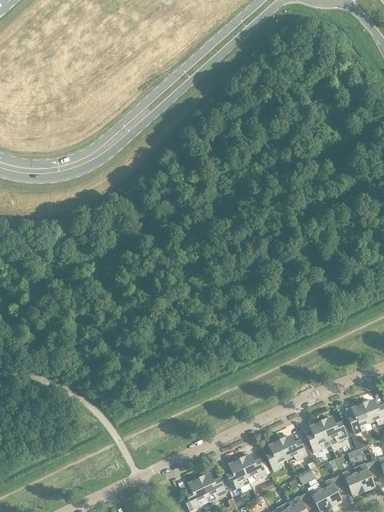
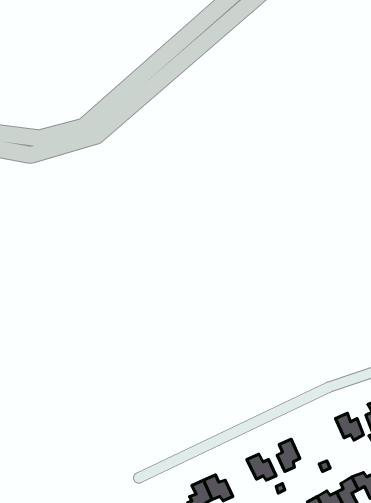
building: [306,420,328,450] -> none
building: [279,434,306,458] -> none
building: [225,458,247,488] -> none

